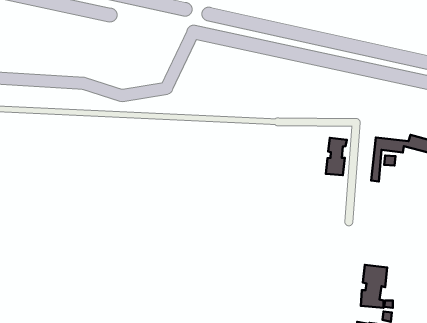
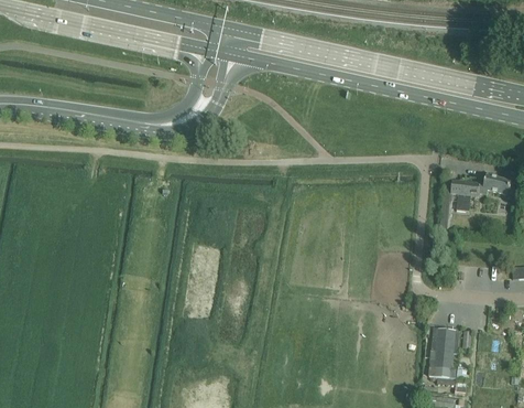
building: [326,138,347,175] -> none

